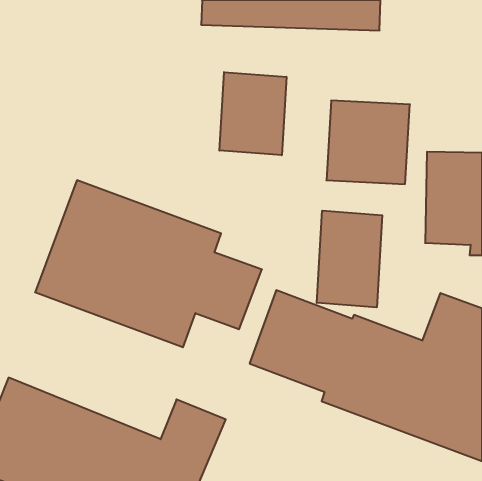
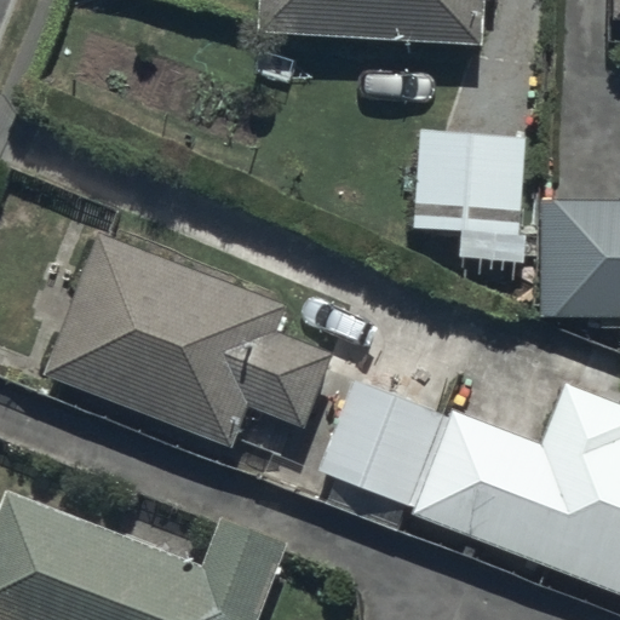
building: [219,72,286,155] -> none
building: [317,211,382,307] -> none

